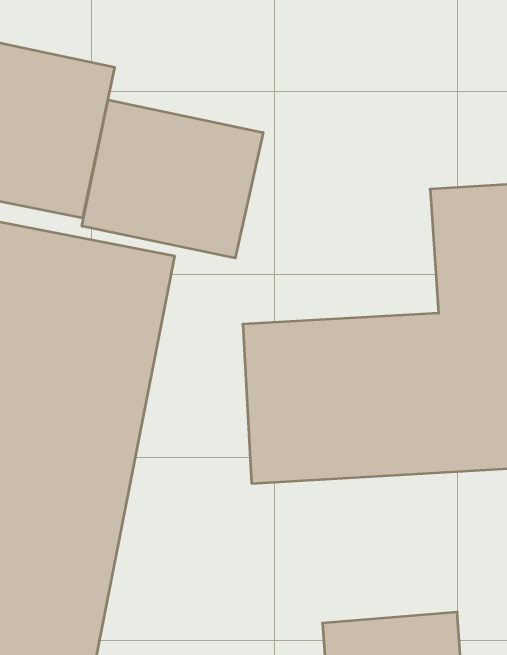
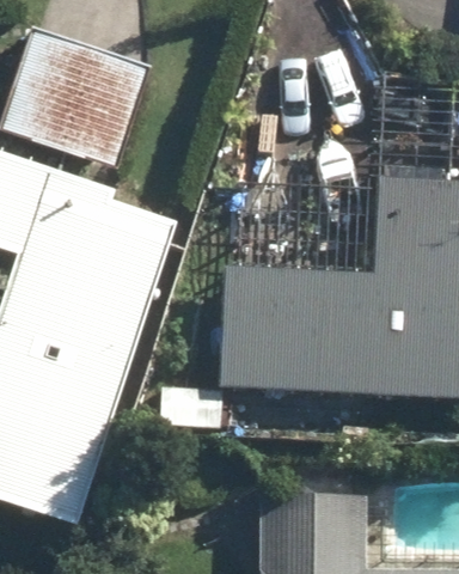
building: [82,100,263,258] -> none

